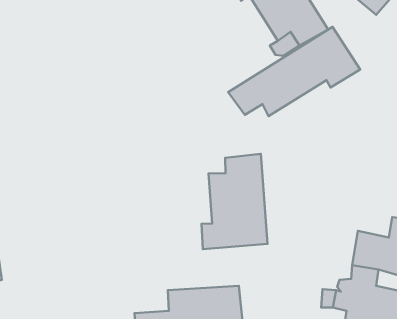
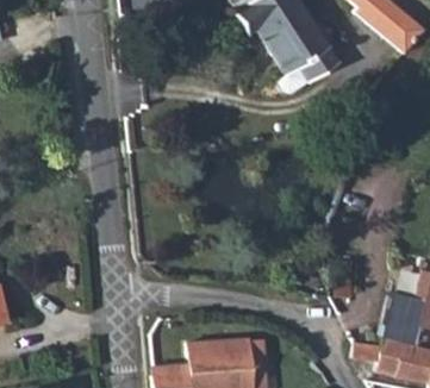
building: [228,27,360,116] -> none
building: [201,154,268,249] -> none

